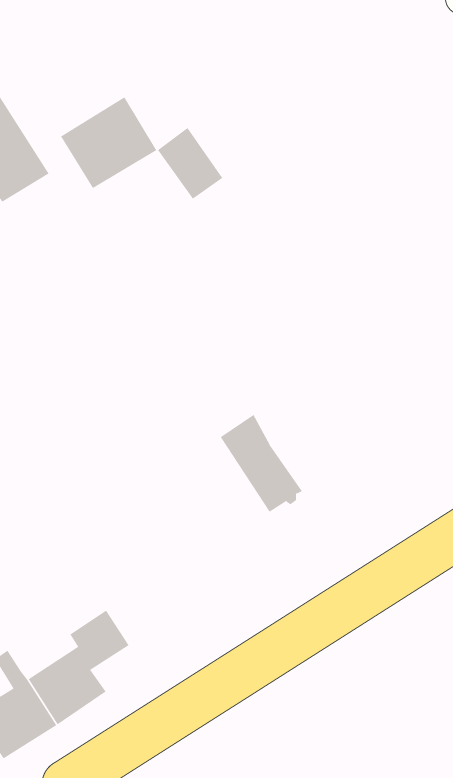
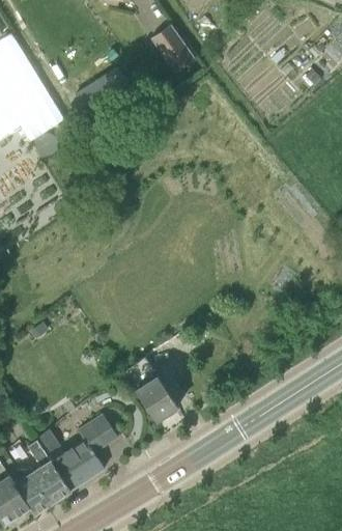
building: [157,127,223,199] -> [150,26,195,75]
building: [220,414,303,513] -> [122,357,178,423]

